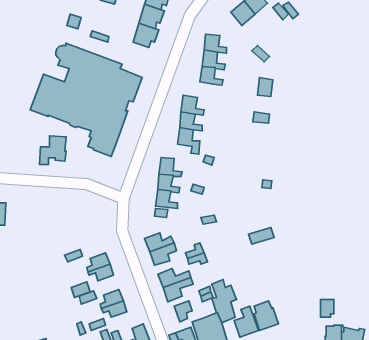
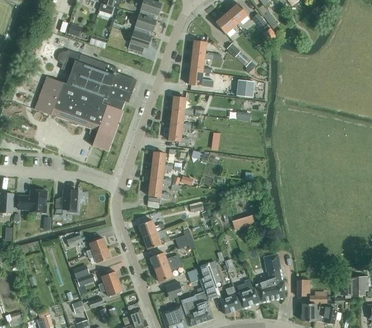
building: [39,136,66,165] -> [54,189,78,215]
building: none -> [17,190,46,212]
building: none -> [255,254,284,301]

